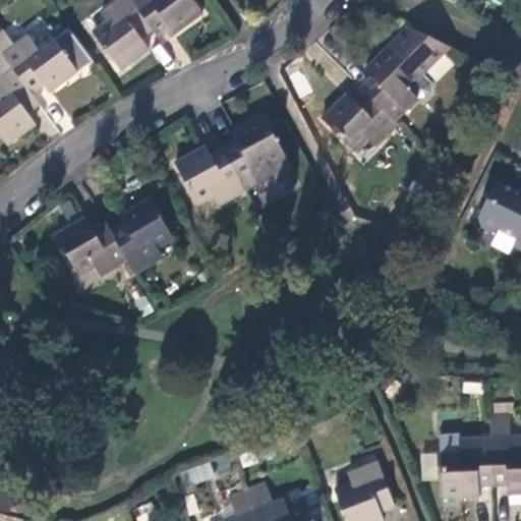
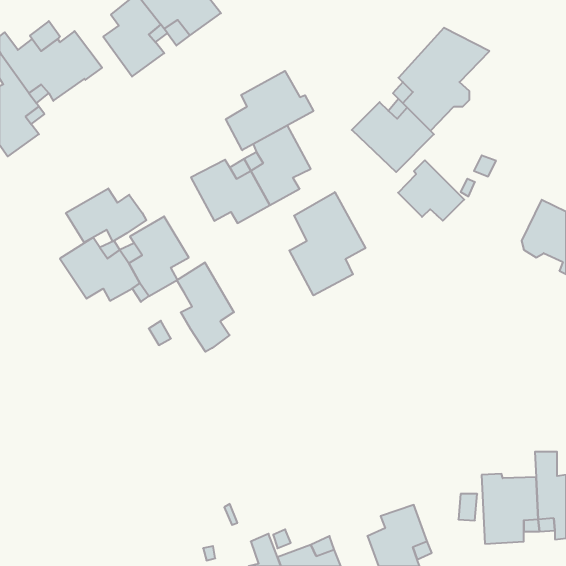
building: none -> [226,71,313,150]
building: none -> [398,160,464,221]
building: none -> [66,188,146,242]
building: none -> [289,192,365,295]
building: none -> [177,262,234,352]

